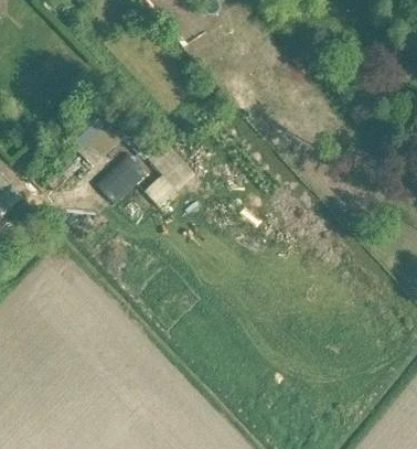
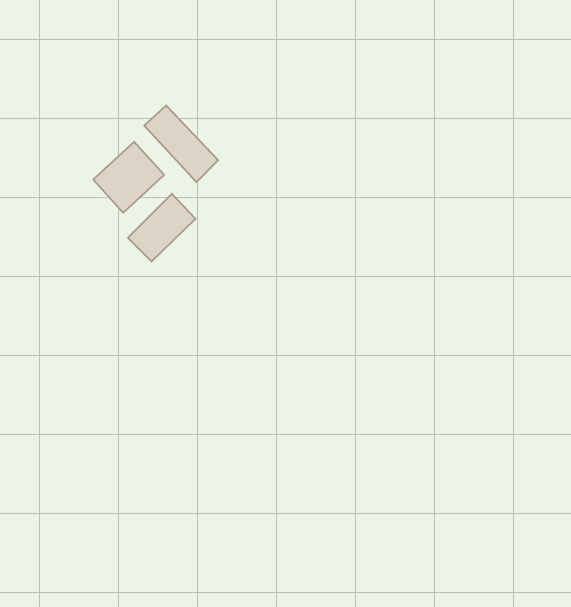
building: none -> [144,105,218,182]

